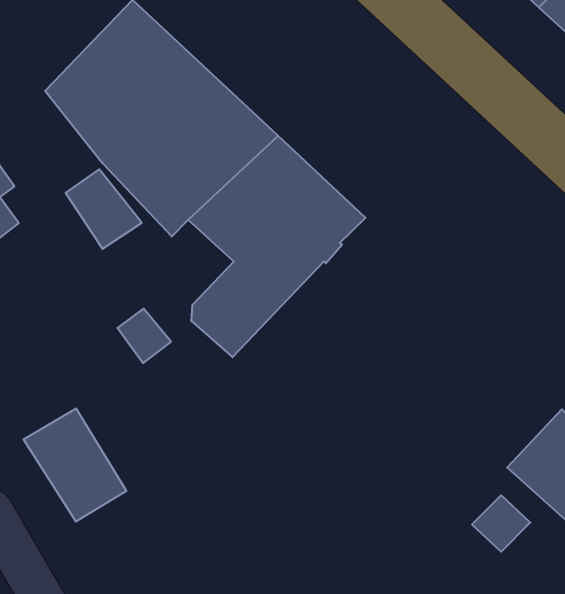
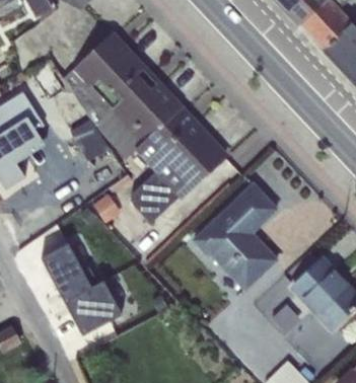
building: none -> [193,184,277,291]
building: none -> [65,281,124,336]

